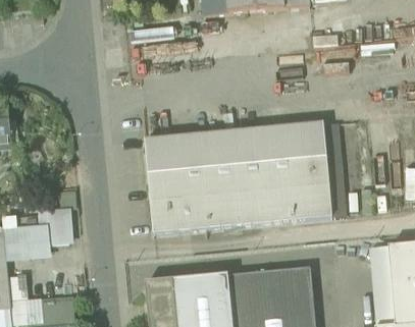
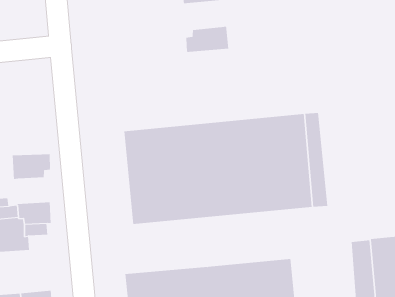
building: none -> [185,26,229,53]
building: none -> [12,154,51,180]

